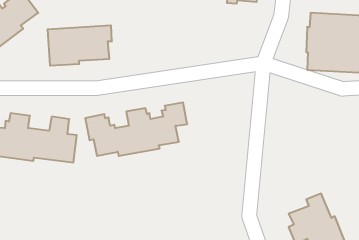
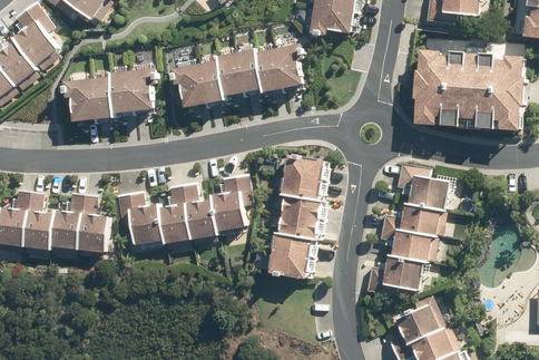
building: none -> [174,45,305,110]
building: none -> [272,157,325,280]
building: none -> [369,165,449,298]

